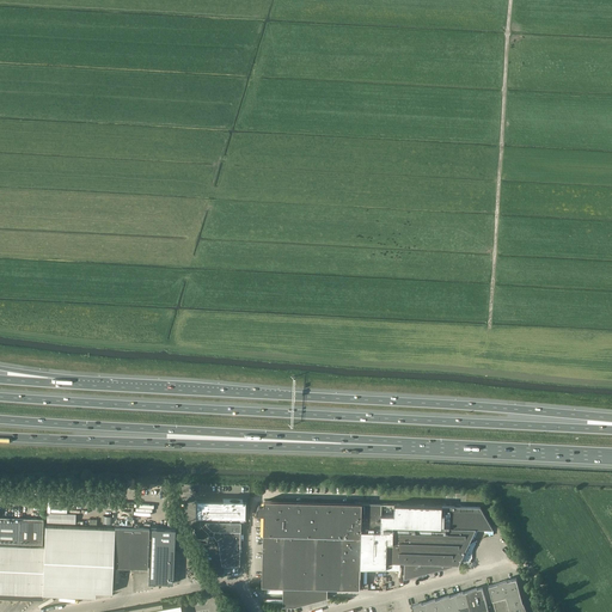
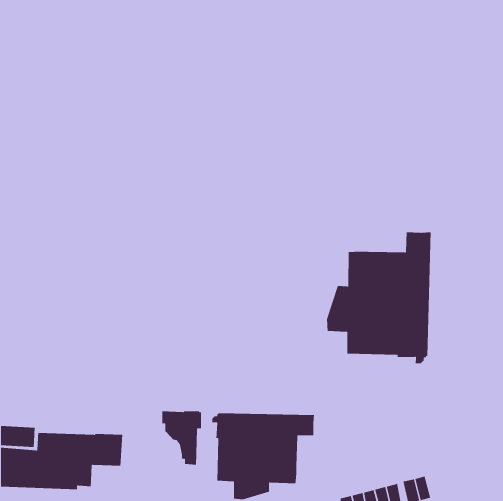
building: none -> [326,232,432,364]
building: [361,507,494,581] -> none
building: [148,530,175,585] -> none

